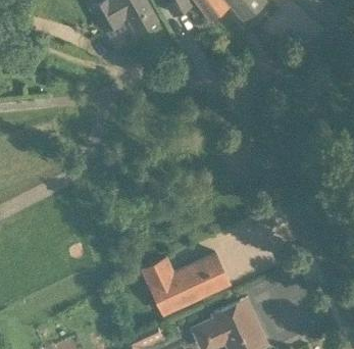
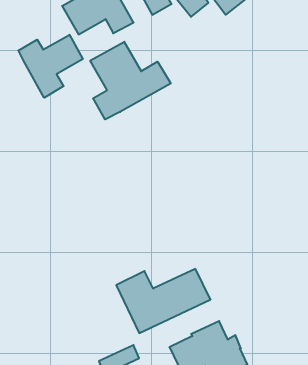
building: none -> [18,35,83,98]
building: none -> [90,42,171,119]

